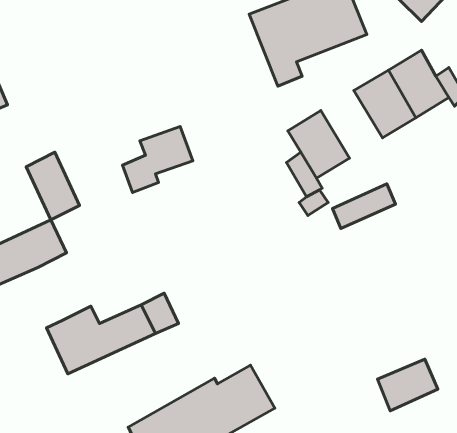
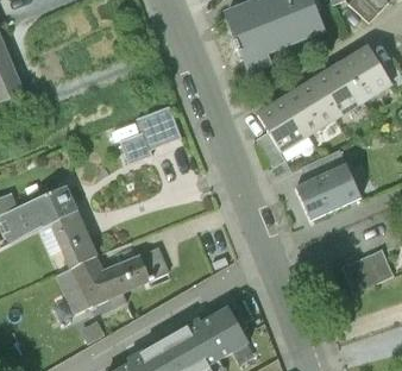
building: none -> [285,78,337,134]
building: [26,152,79,220] -> [51,213,95,269]
building: none -> [295,172,362,228]
building: [377,359,438,411] -> [343,250,392,293]

